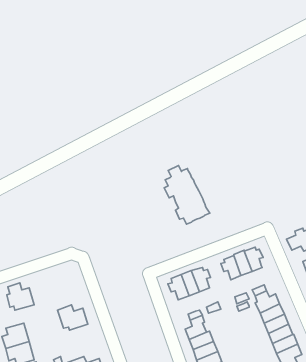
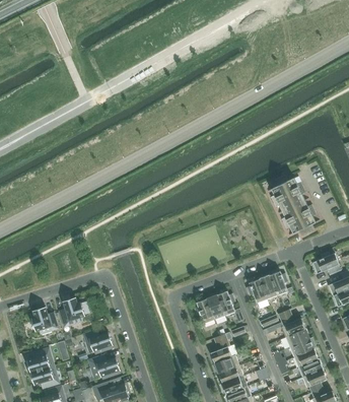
building: [164,165,210,224] -> [271,175,317,233]
building: none -> [59,297,85,327]
building: none -> [88,354,121,380]

